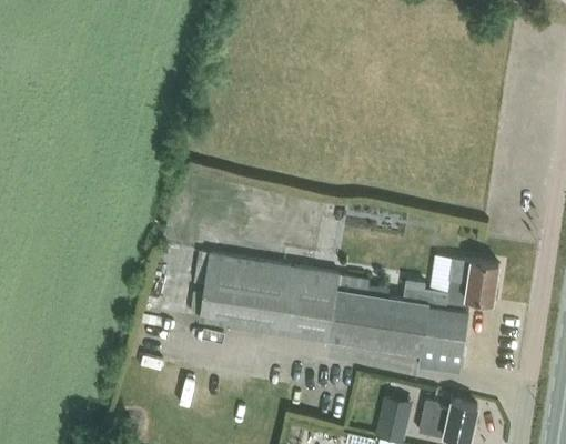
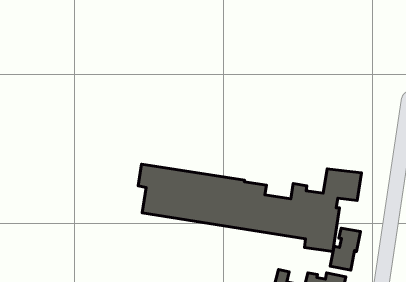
building: none -> [330,228,361,270]

